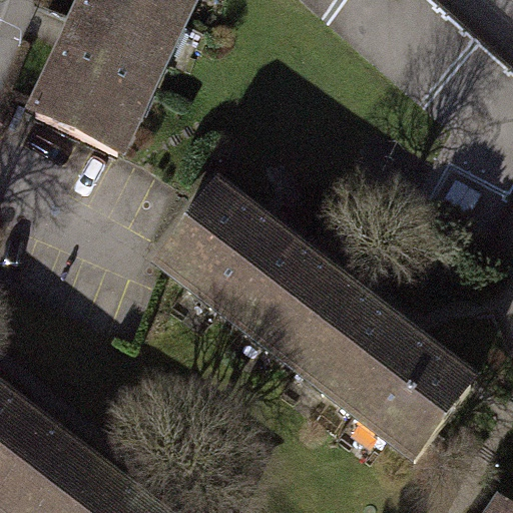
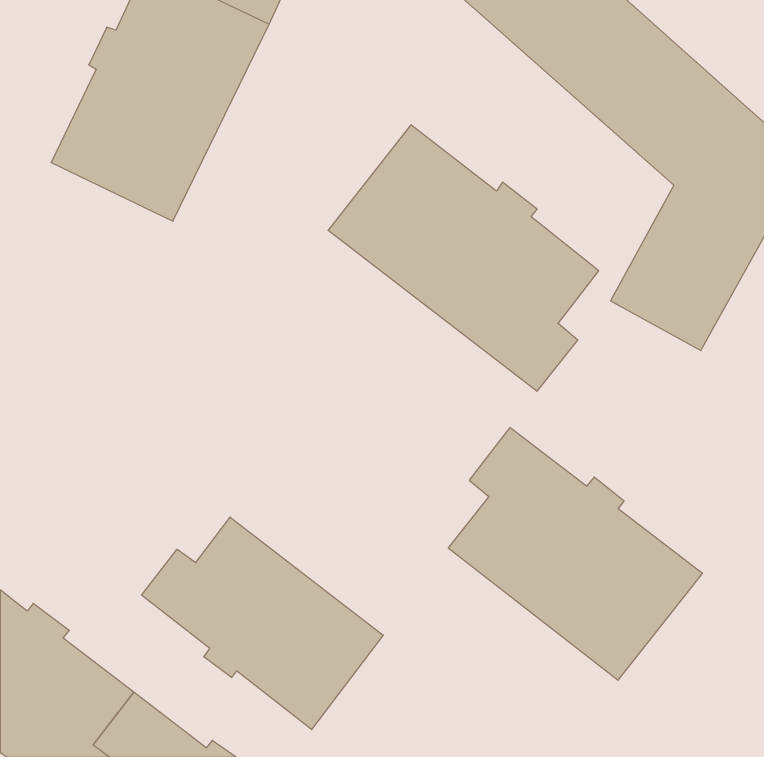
building: [162,187,343,365] -> [328,125,599,391]
building: none -> [142,517,383,730]

